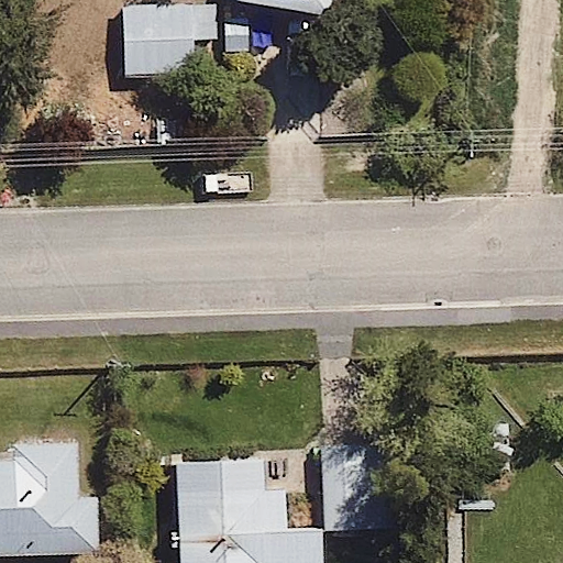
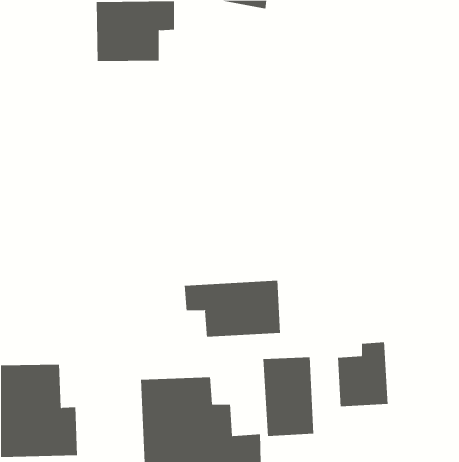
building: none -> [184,280,281,338]
building: none -> [338,341,388,407]

